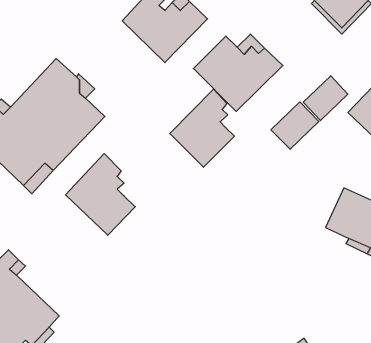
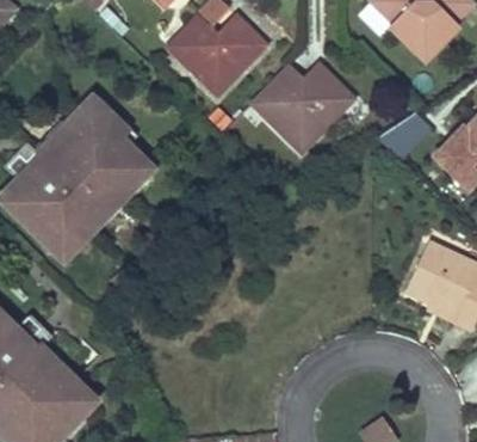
building: [170,89,234,167] -> none
building: [271,102,319,149] -> none
building: [66,154,135,235] -> none

